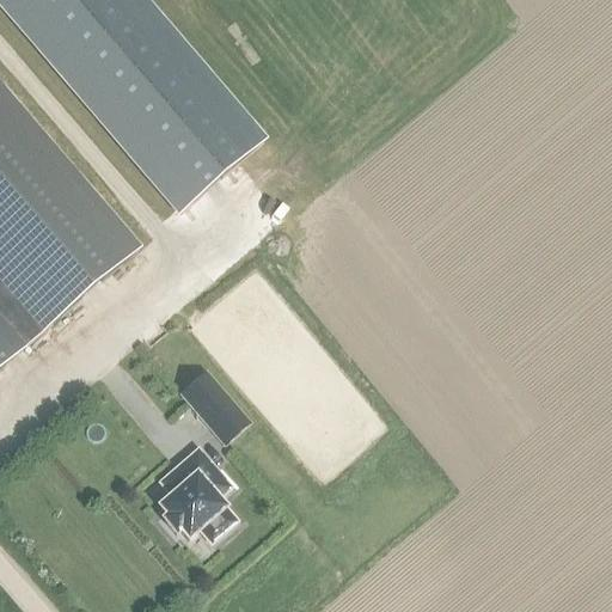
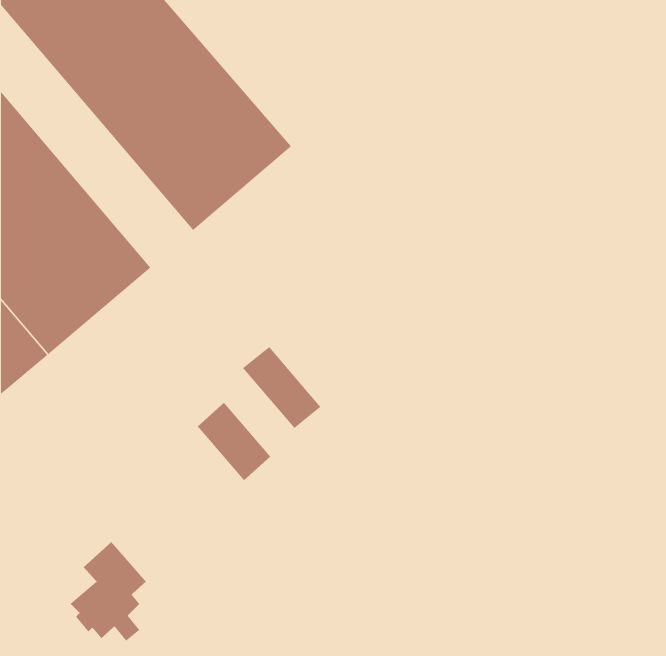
building: none -> [242,346,321,429]
building: [159,446,230,538] -> [70,541,147,642]

